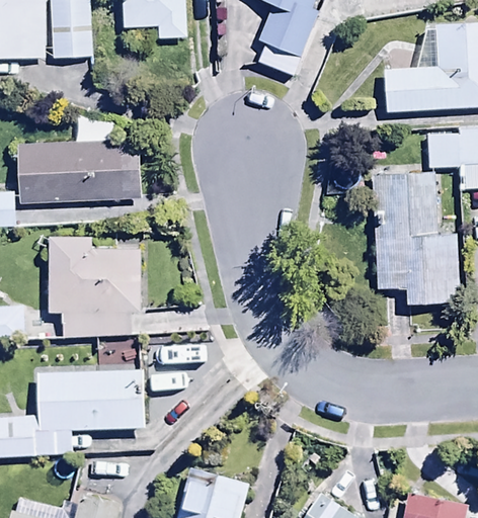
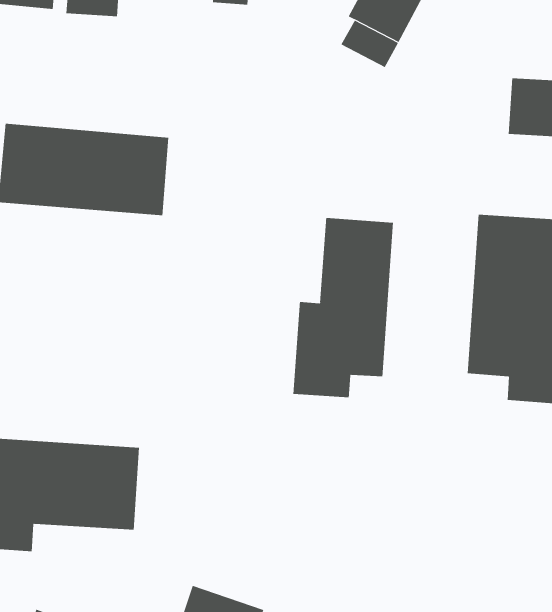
building: none -> [293,217,394,398]
building: [48,236,145,336] -> none

